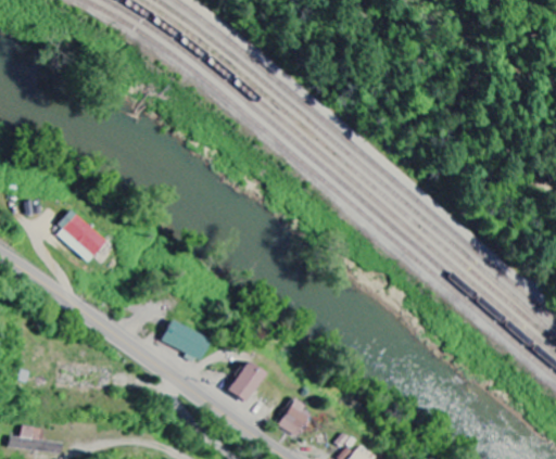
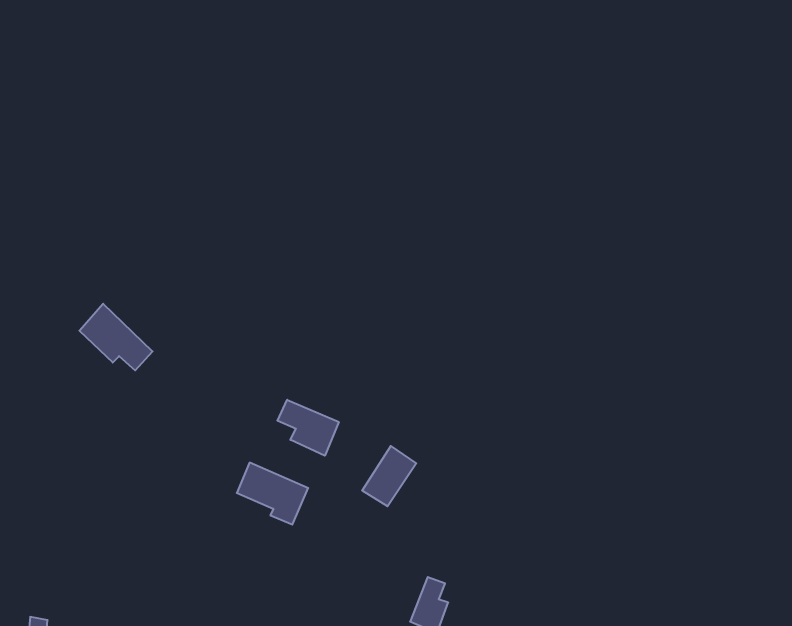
building: none -> [277,400,339,456]
building: [228,359,265,400] -> [362,446,416,506]

